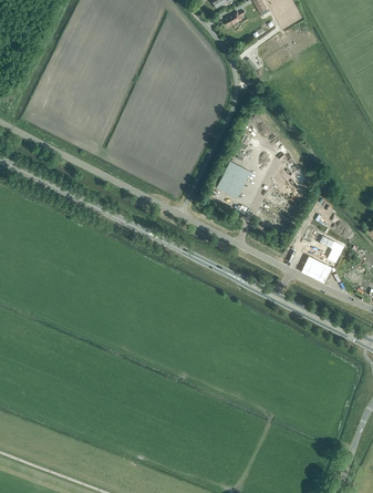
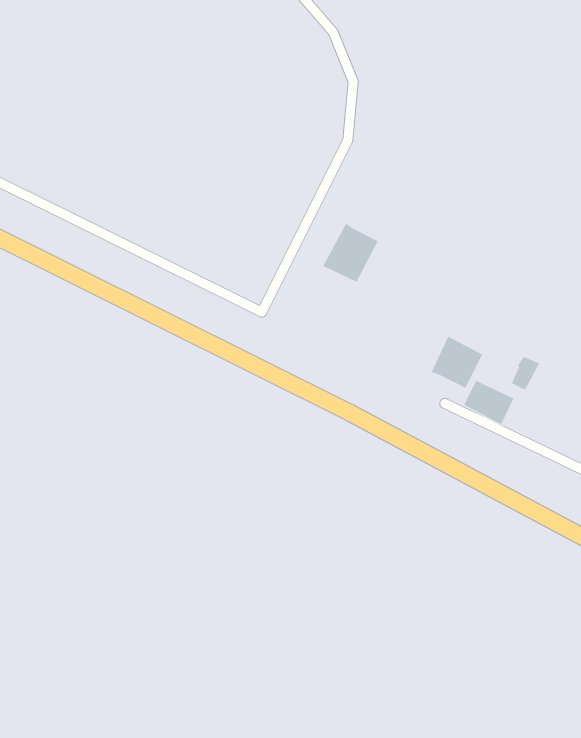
building: none -> [430,336,483,389]

